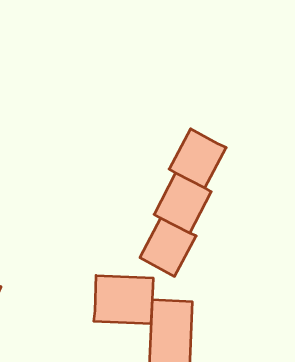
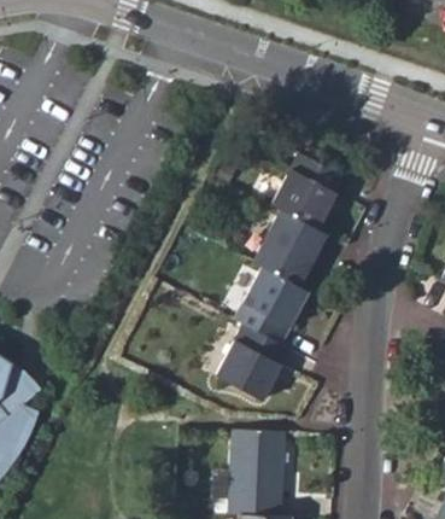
building: none -> [273,151,345,227]
building: [94,275,153,324] -> none

